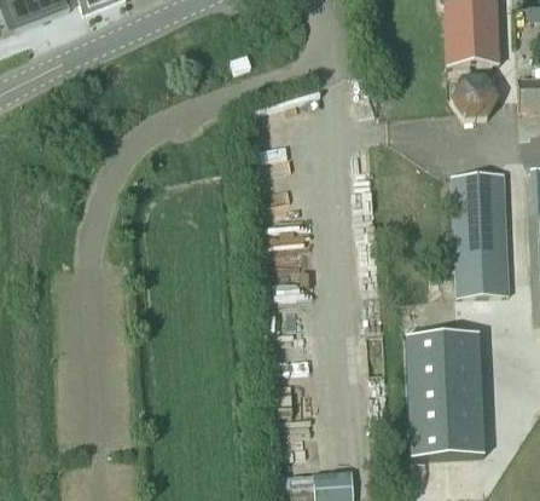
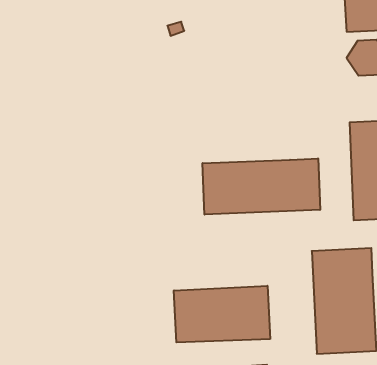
building: none -> [203,158,320,215]
building: none -> [174,286,270,342]

